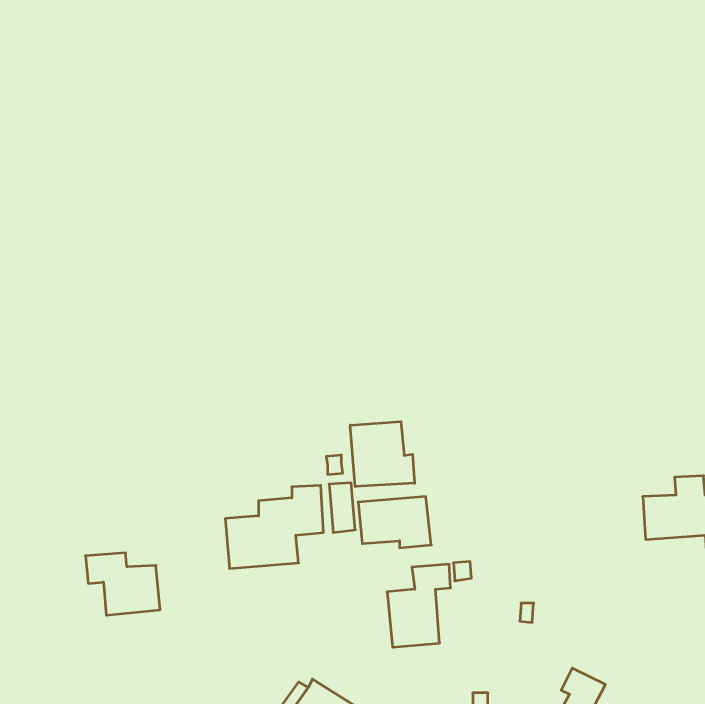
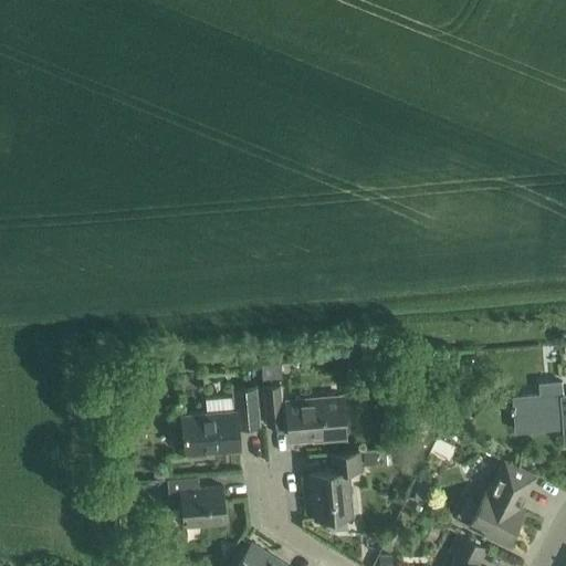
building: [350,422,415,487] -> none
building: [85,553,160,615] -> [167,479,227,528]
building: none -> [469,463,536,546]

